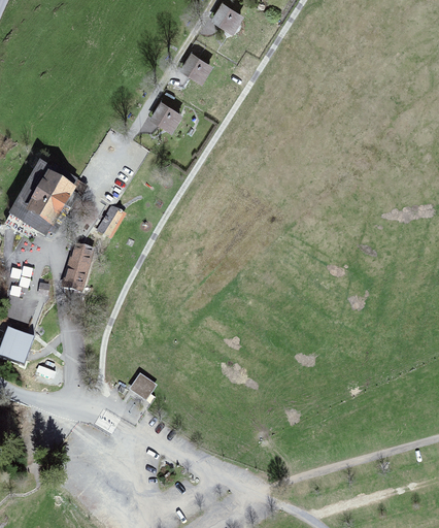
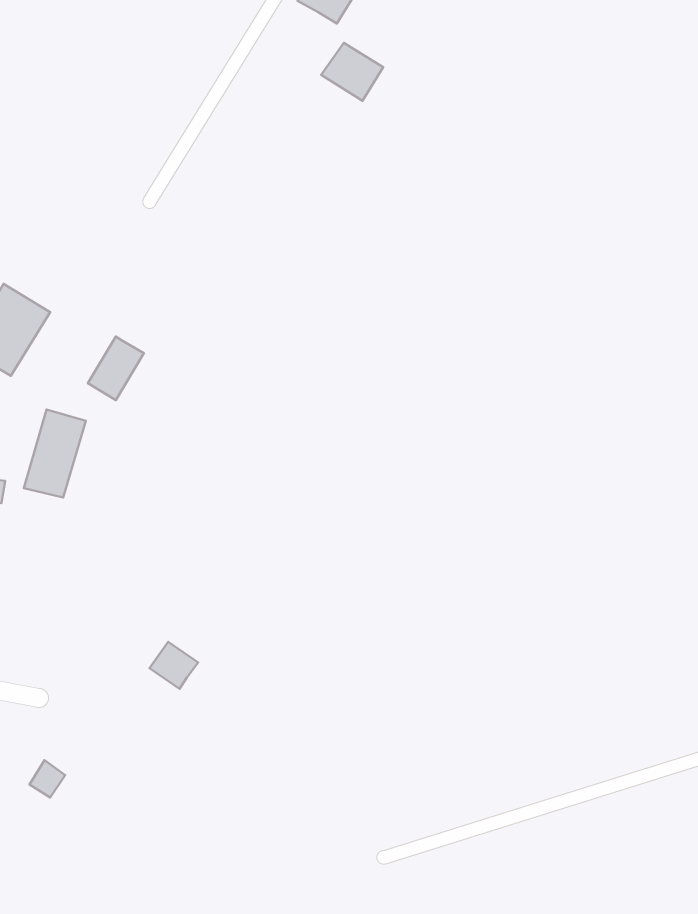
building: [178,51,212,82] -> [321,43,383,101]
building: [148,99,182,131] -> none

